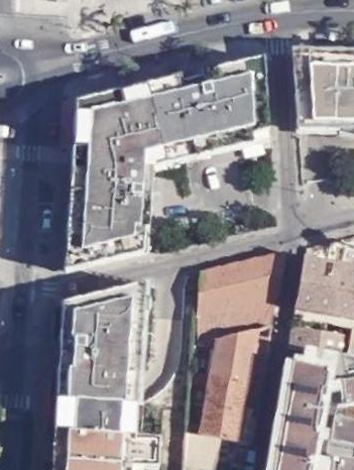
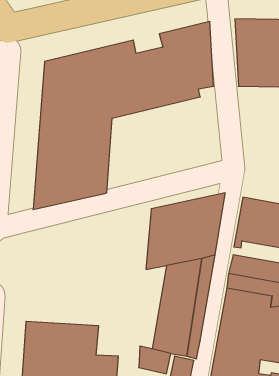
building: [56,279,145,400] -> none

